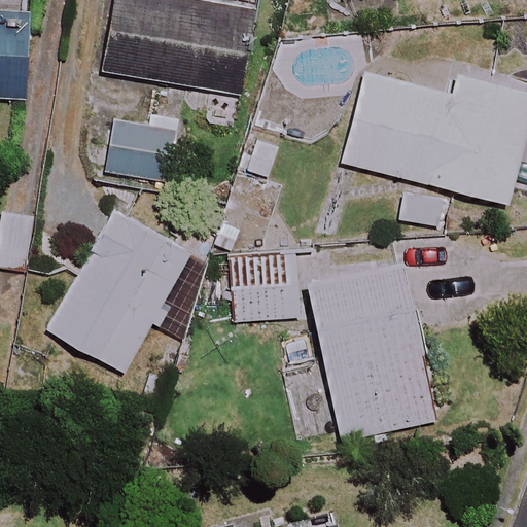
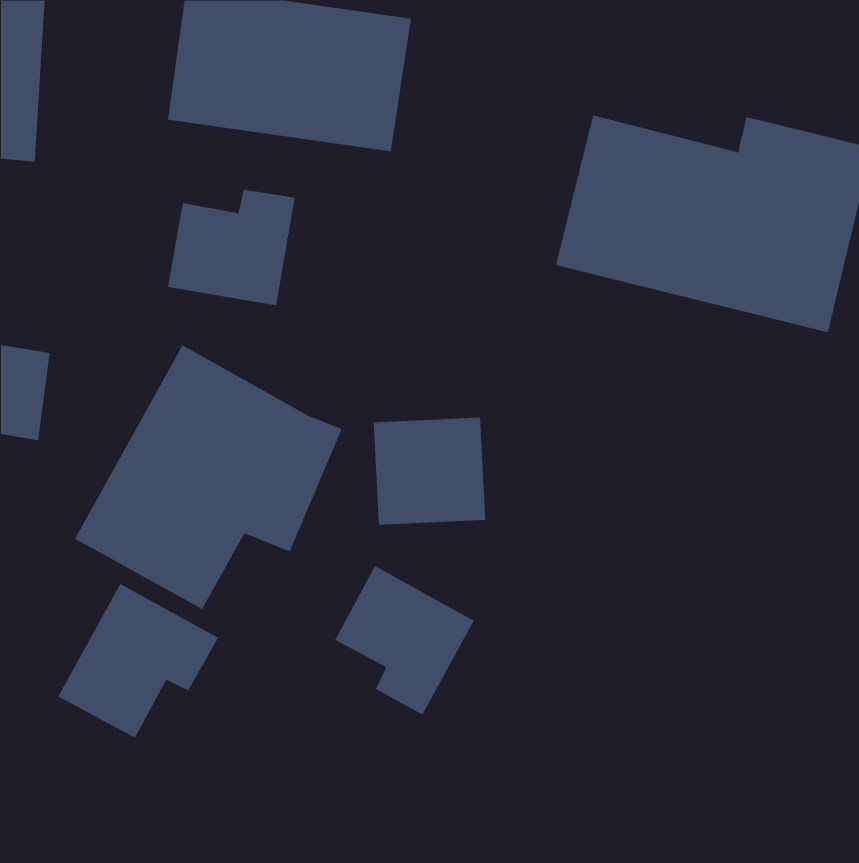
building: [306,259,435,441] -> none
building: none -> [335,565,475,716]
building: none -> [58,583,219,739]

